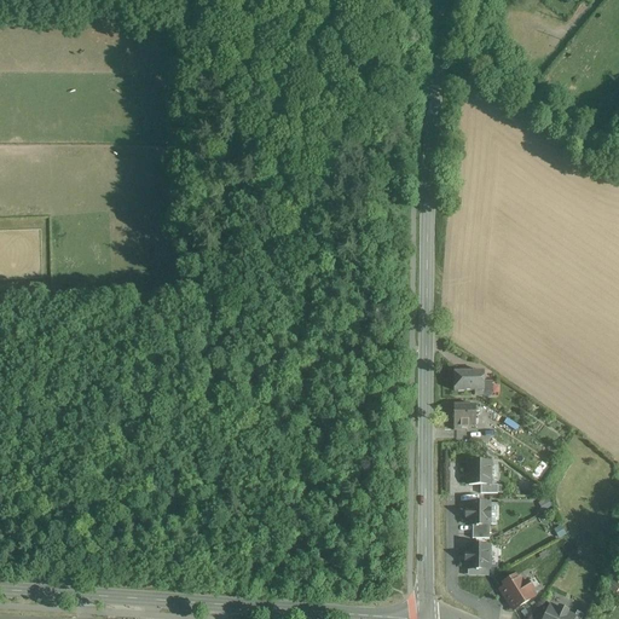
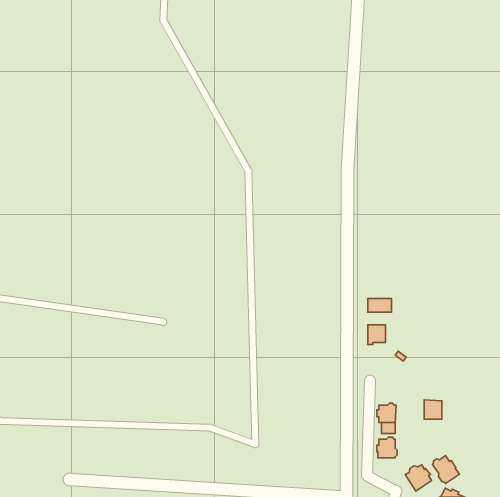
building: [468,458,490,482] -> [424,400,442,419]
building: none -> [432,455,459,484]

